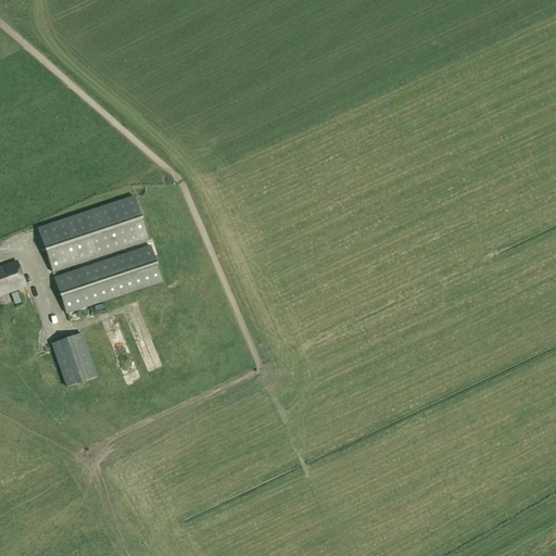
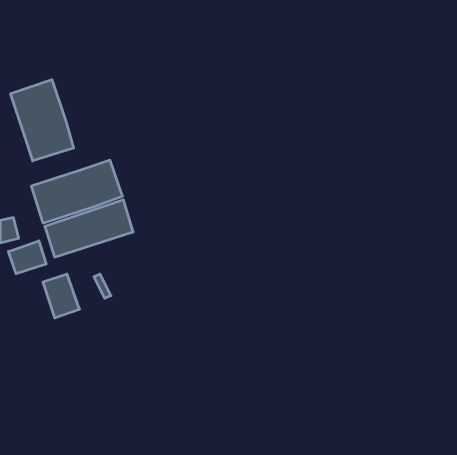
building: none -> [11,80,74,161]
building: none -> [8,241,46,274]

